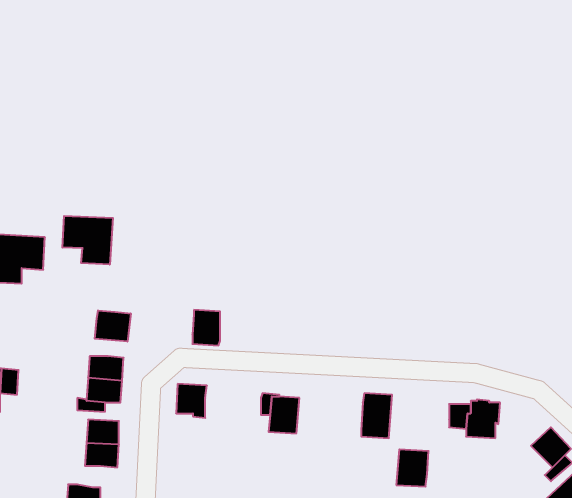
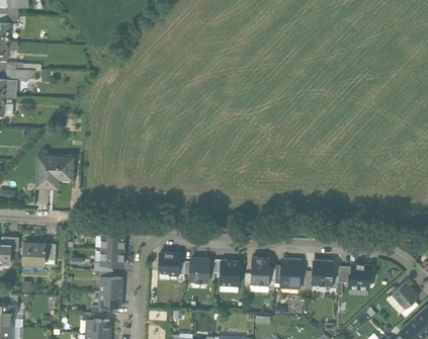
building: [62,216,113,265] -> none
building: [192,310,220,345] -> [190,259,208,282]
building: [95,310,131,342] -> none
building: none -> [250,258,270,285]
building: [396,449,429,487] -> [312,261,333,285]

